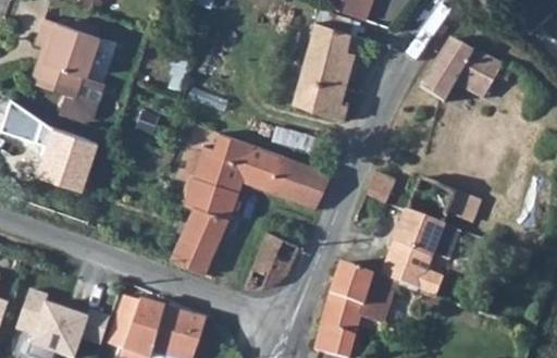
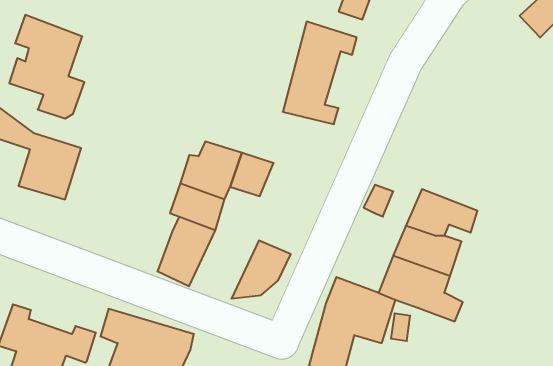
building: [422,37,523,100] -> none
building: [269,157,325,206] -> none

